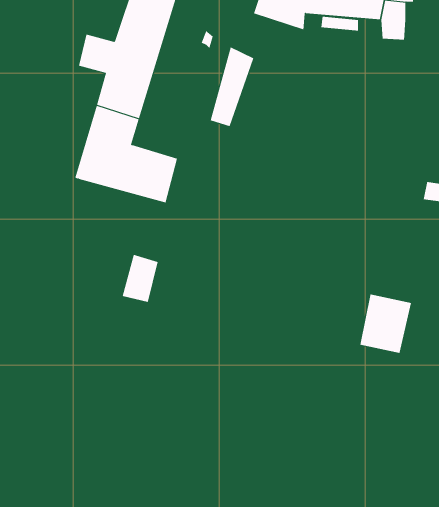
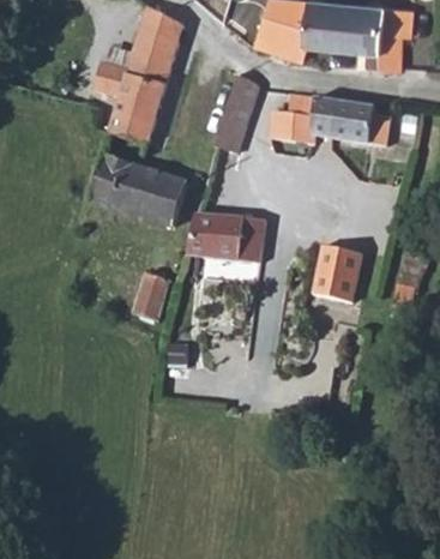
building: none -> [267,97,391,144]
building: none -> [186,209,266,264]
building: [360,294,412,354] -> [313,245,362,301]

